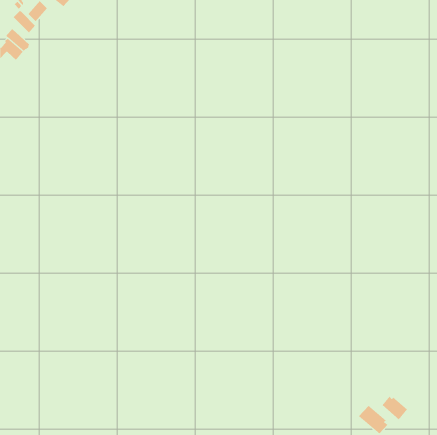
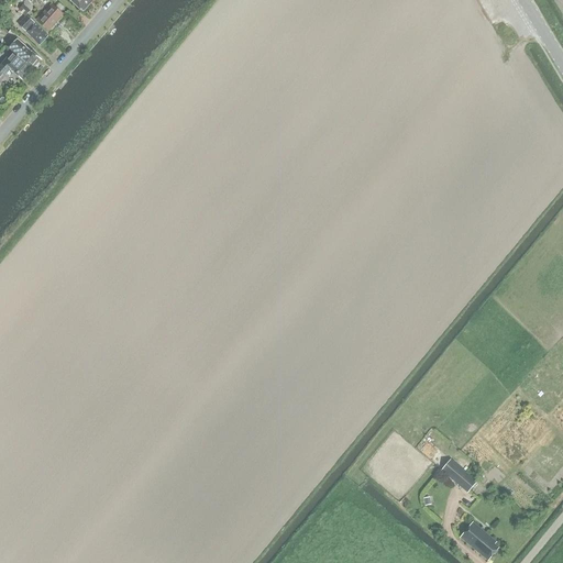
building: none -> [439,456,475,490]
building: [382,396,408,420] -> none

